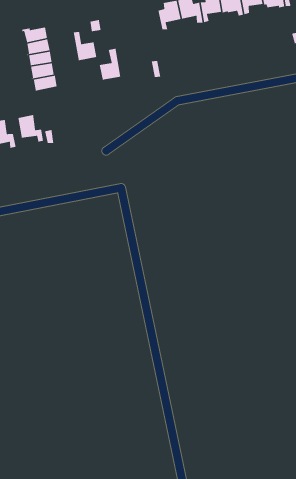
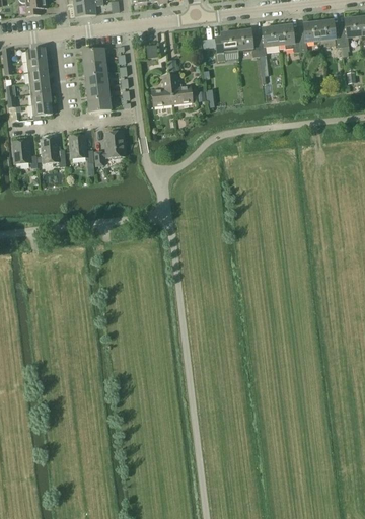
building: [73,31,97,61] -> [171,73,194,102]
building: none -> [105,130,125,157]

